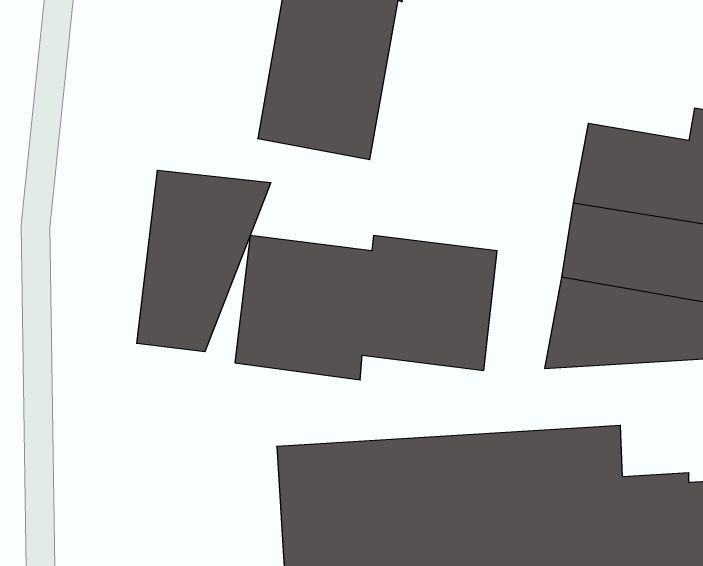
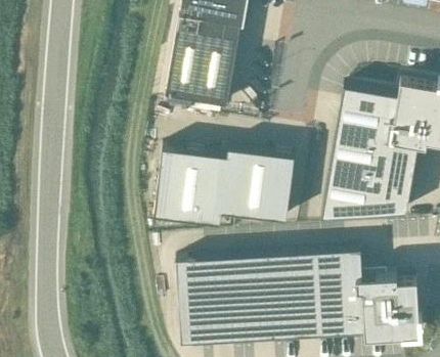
building: [137,170,271,352] -> none

